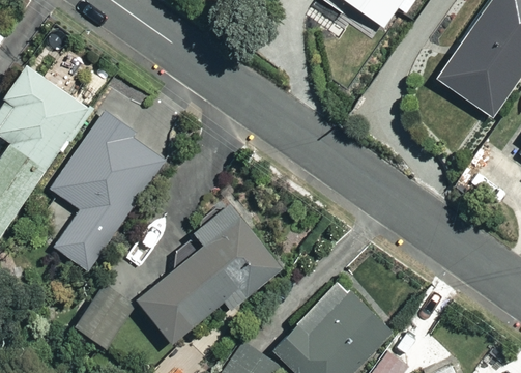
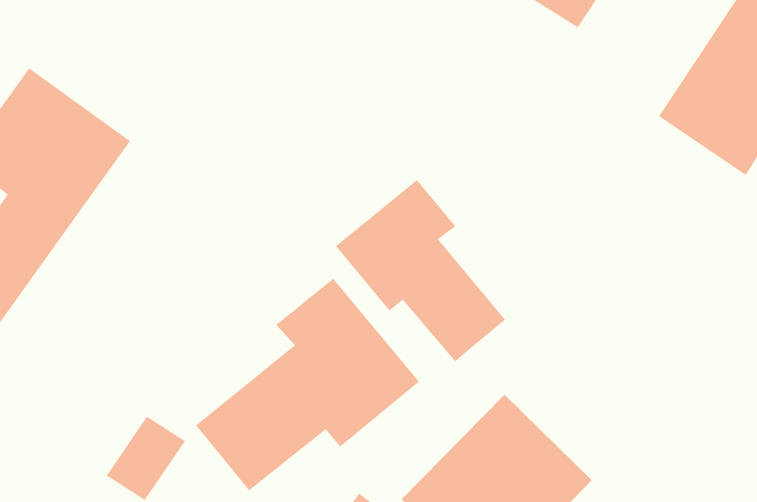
building: [46,114,163,271] -> none
building: none -> [335,179,506,362]

